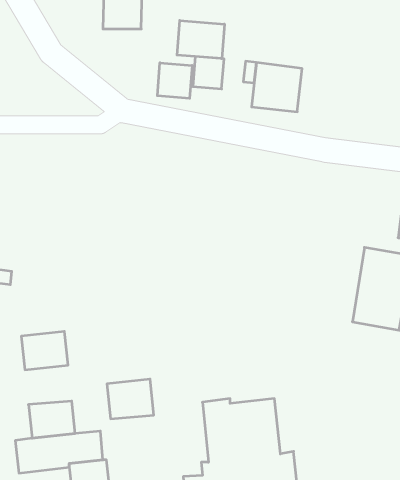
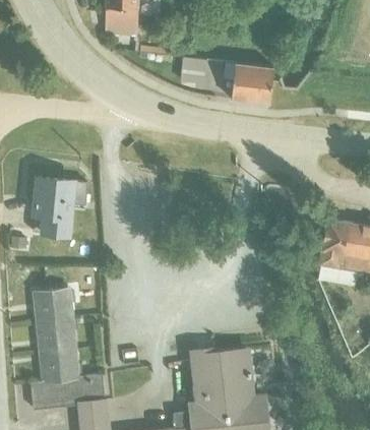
building: [177,20,224,59] -> none
building: [157,63,192,98] -> none
building: none -> [33,178,86,236]
building: [107,379,154,419] -> [38,318,77,352]

